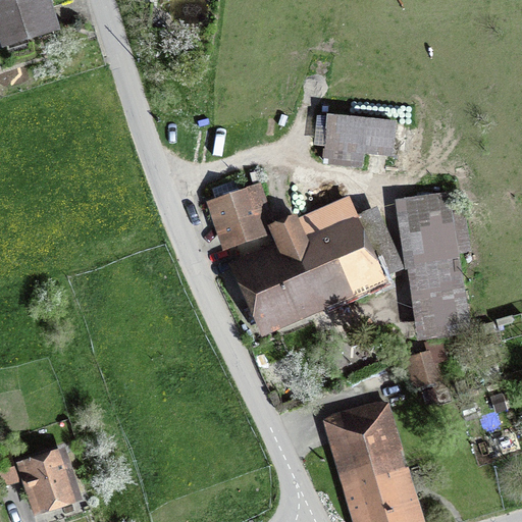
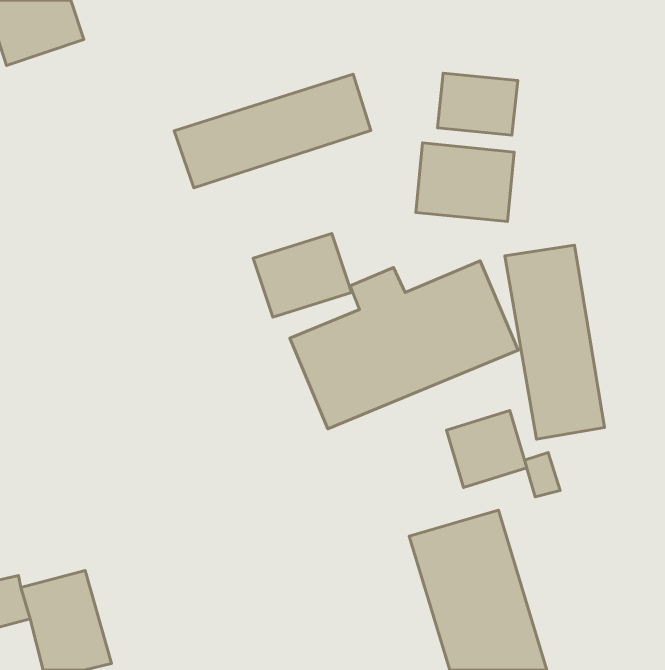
building: none -> [437,73,518,135]
building: none -> [174,74,371,188]
building: none -> [447,410,527,488]

